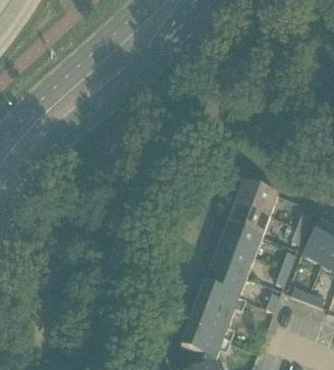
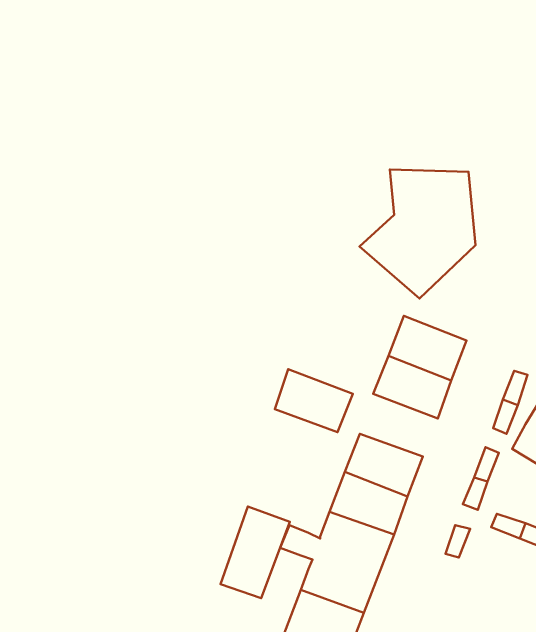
building: none -> [360,169,476,299]
building: [220,221,262,255] -> [275,369,353,432]
building: none -> [221,507,290,598]

